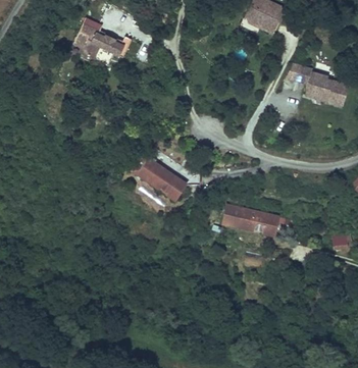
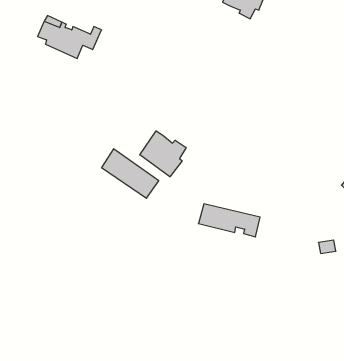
building: [287,62,350,106] -> none
building: none -> [140,131,186,177]

